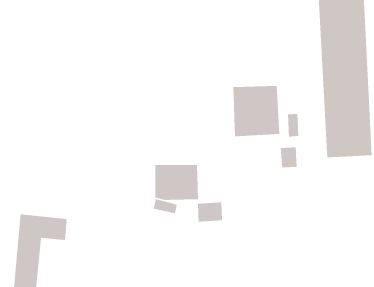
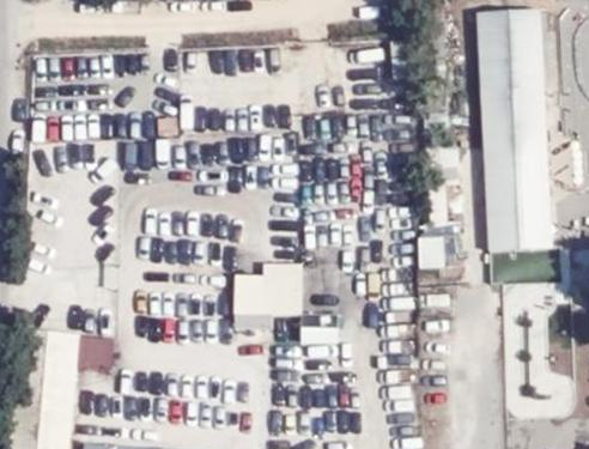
building: [232,85,280,137] -> none

